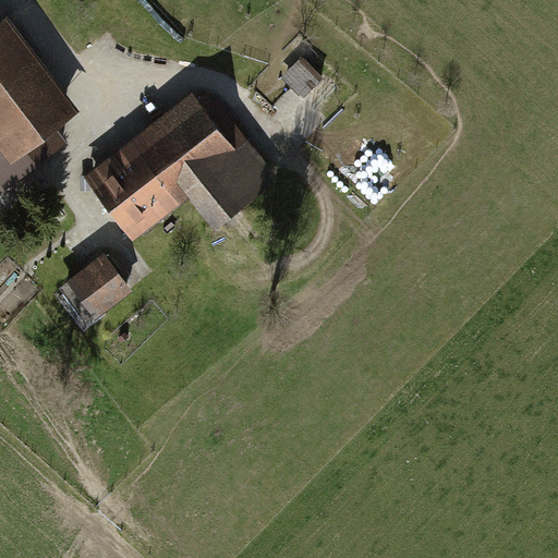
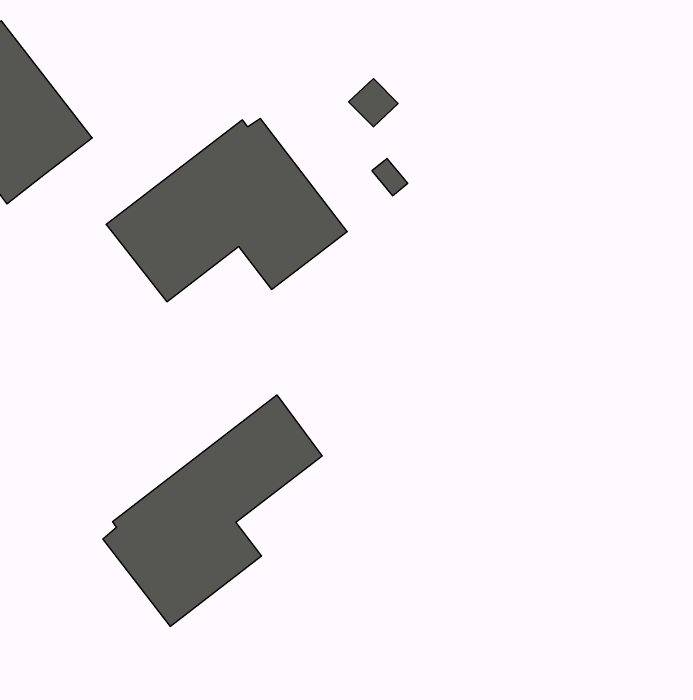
building: [61,256,129,324] -> none
building: none -> [103,395,322,626]

